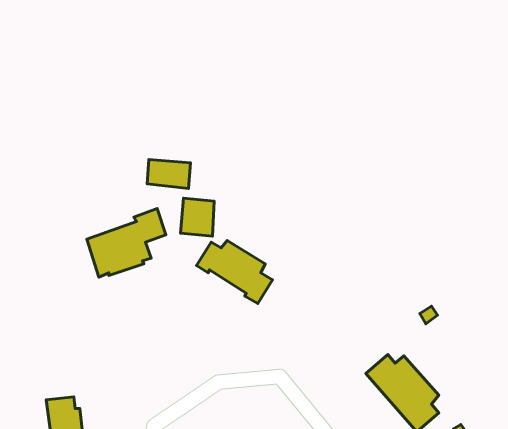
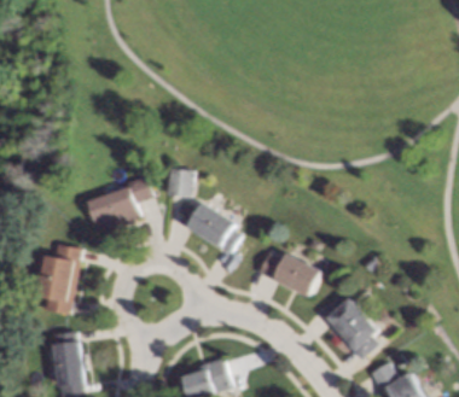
building: [147,160,190,188] -> none
building: none -> [40,245,82,314]
building: none -> [257,253,320,297]

